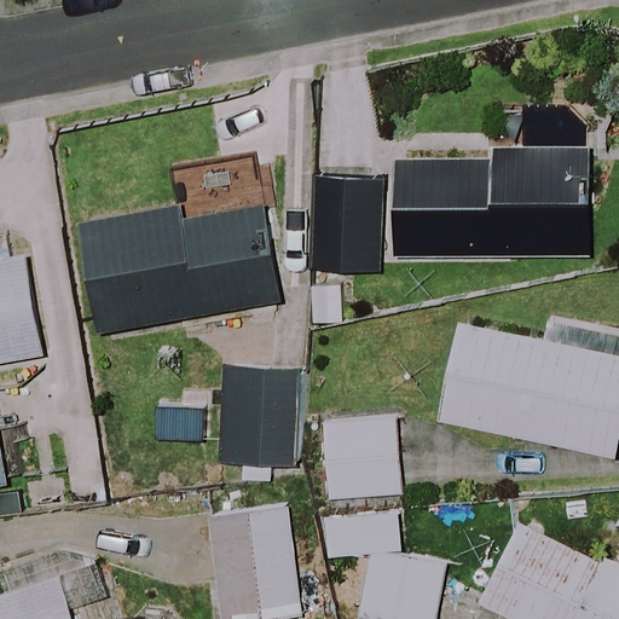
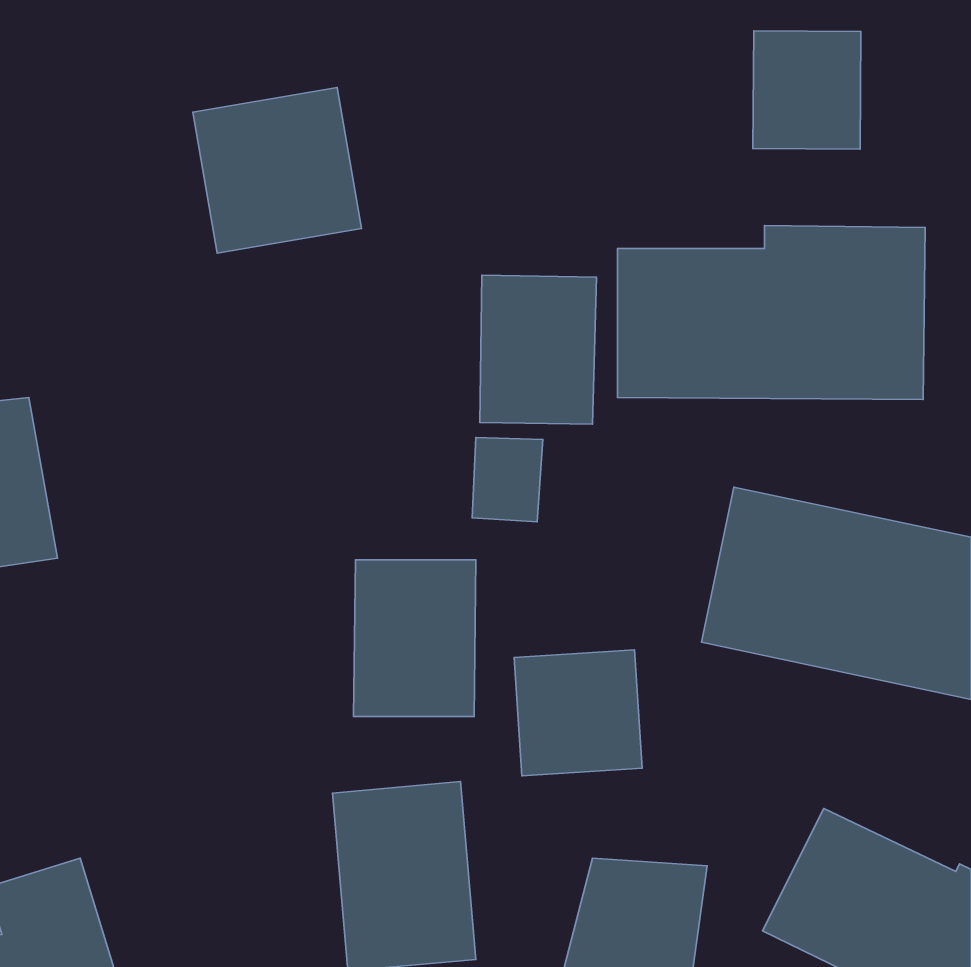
building: none -> [753,31,861,149]
building: none -> [193,87,361,253]
building: [73,203,274,335] -> none

